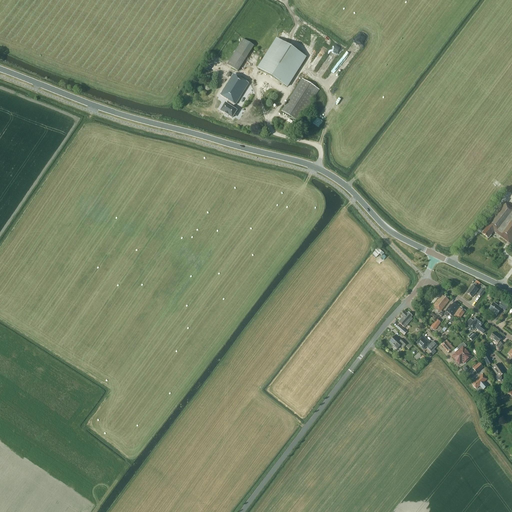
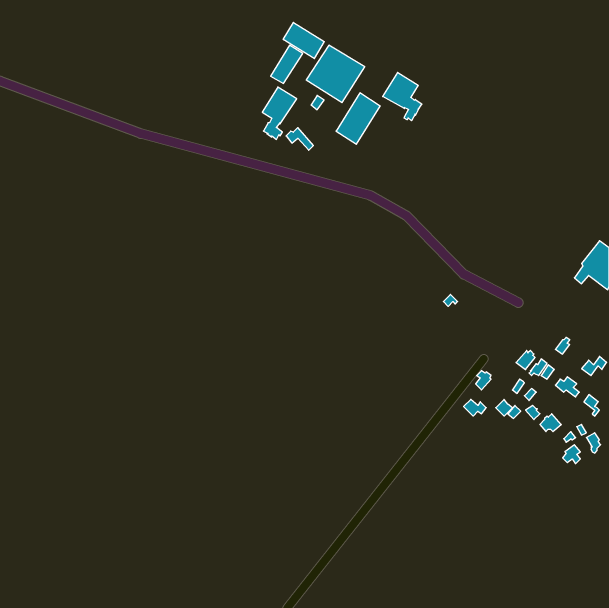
building: none -> [283,22,324,59]
building: none -> [383,72,422,121]

